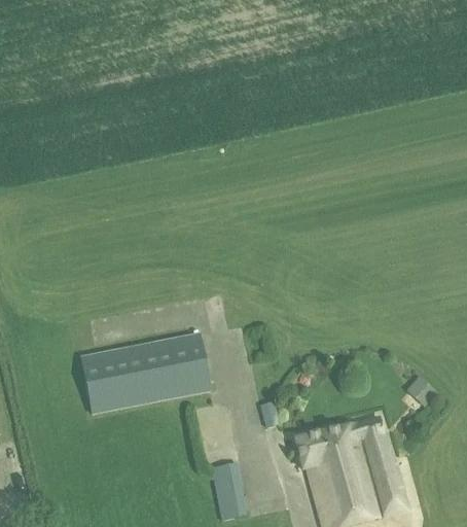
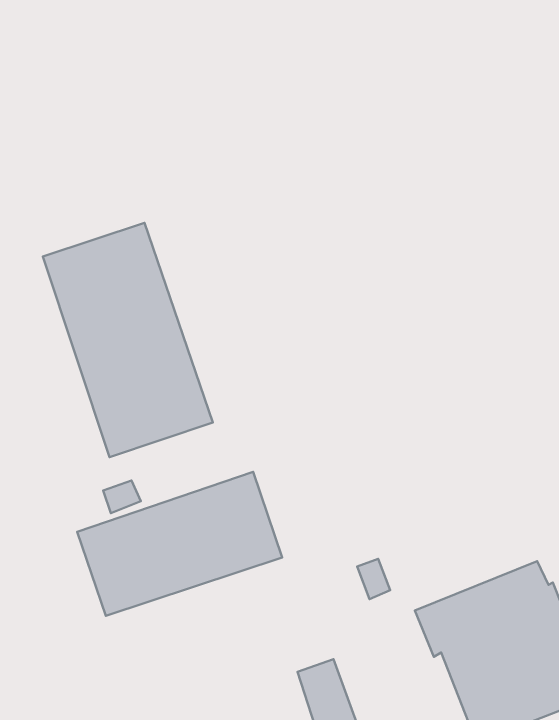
building: none -> [43,223,213,457]

